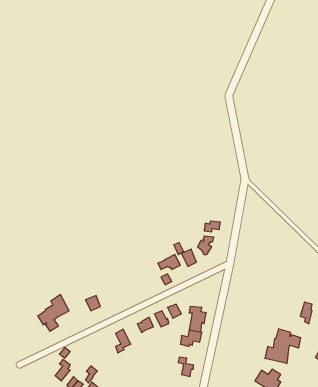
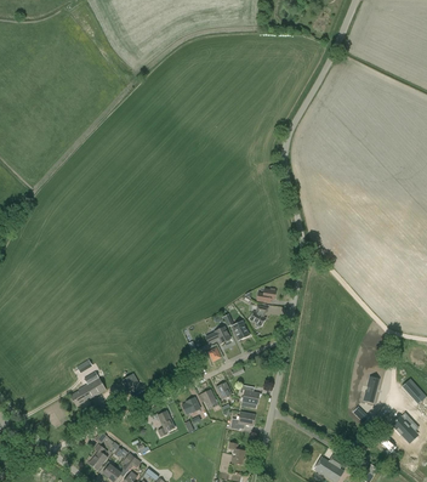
building: [265,329,301,364] -> none

